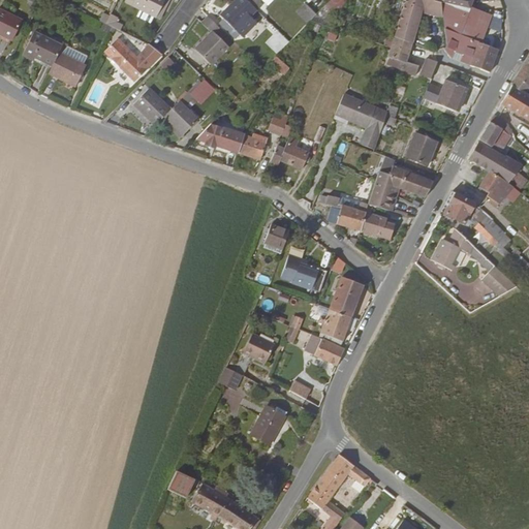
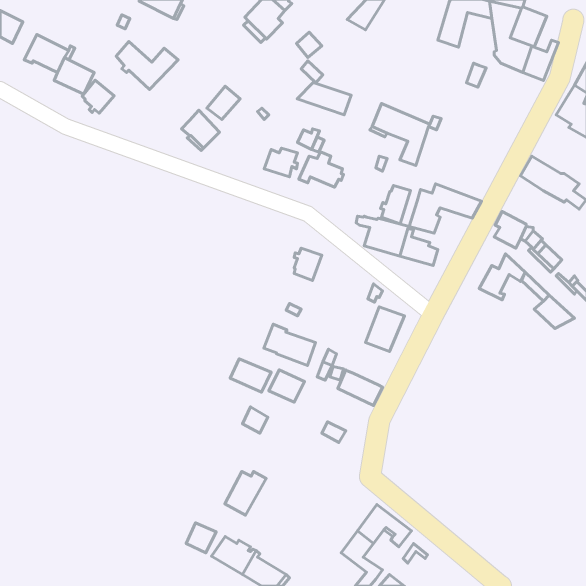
building: [195,17,228,64] -> none
building: [388,36,419,74] -> none
building: none -> [82,80,114,113]
building: [424,79,466,111] -> none
building: [134,87,172,124] -> none
building: [479,114,512,152] -> none
building: [196,123,245,152] -> [297,83,351,115]
building: [406,133,437,164] -> none
building: none -> [381,185,410,224]
building: [480,172,514,207] -> none
building: [281,254,328,291] -> [264,324,316,365]
building: [319,308,351,346] -> none
building: none -> [230,359,271,392]
building: [251,405,288,444] -> [225,472,266,515]

